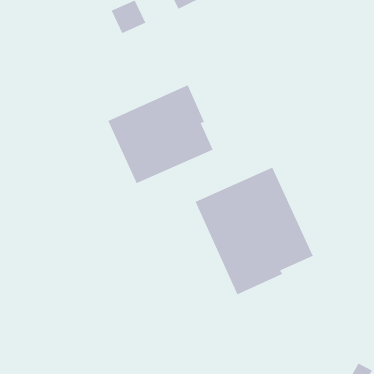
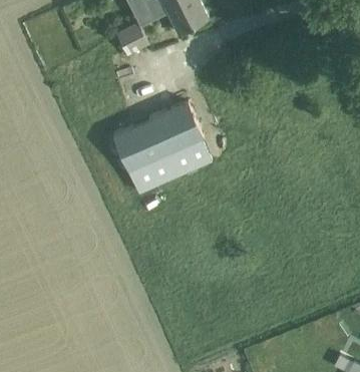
building: [195,167,314,295] -> none

